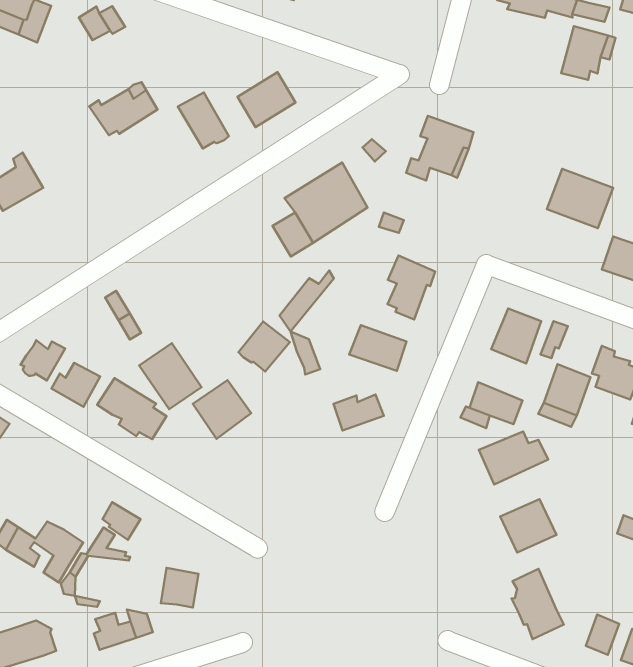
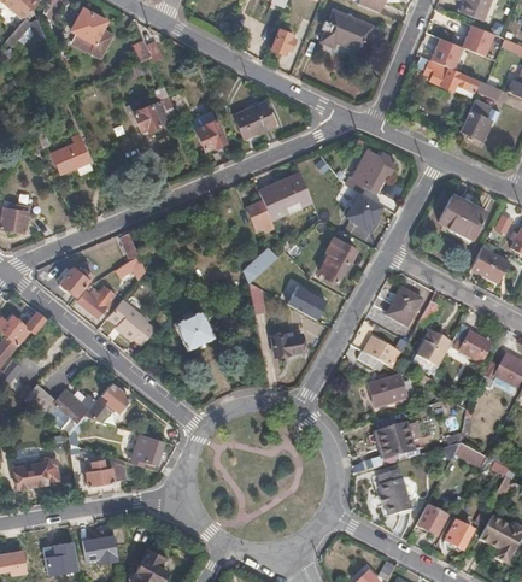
building: none -> [345,192,387,231]
building: [238,322,290,371] -> none
building: [139,343,202,409] -> none

